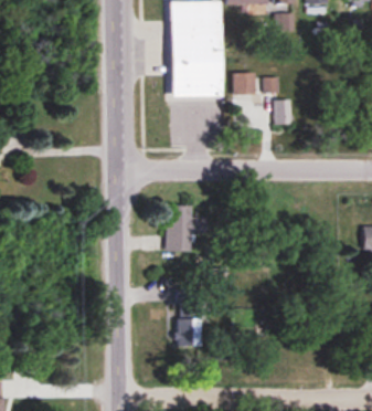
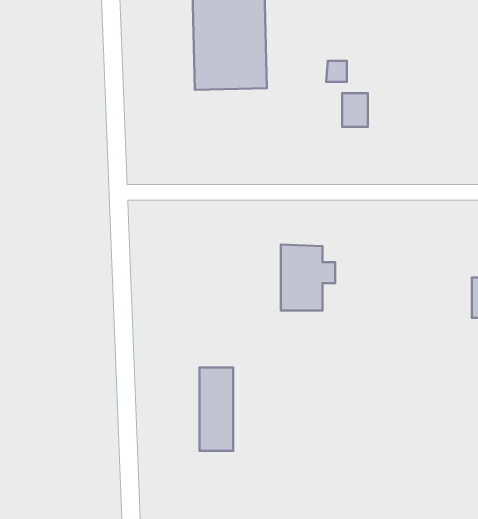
building: [234,74,255,95] -> none
building: [167,207,204,252] -> [281,245,335,310]

